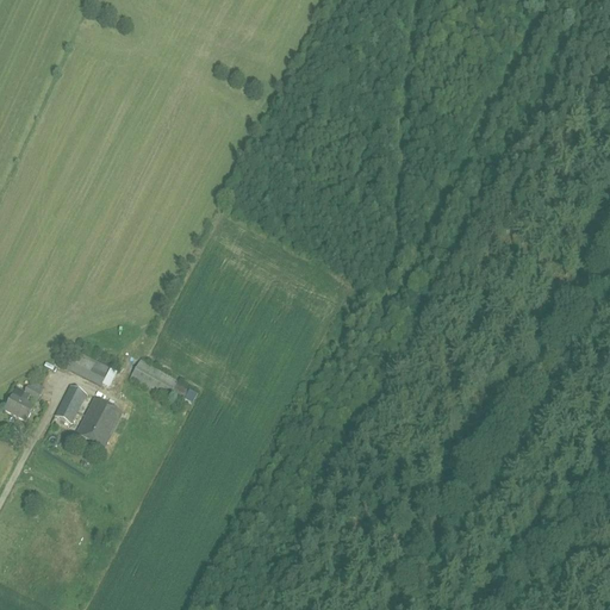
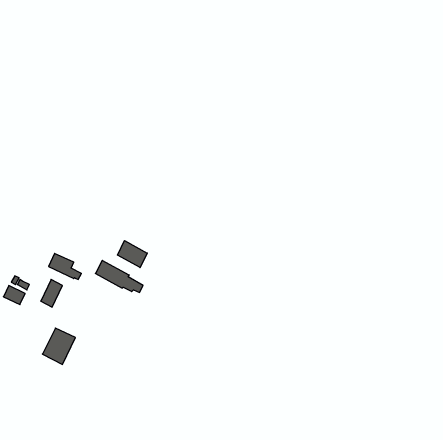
building: none -> [117,241,147,268]
building: [76,397,122,447] -> [42,328,75,364]

